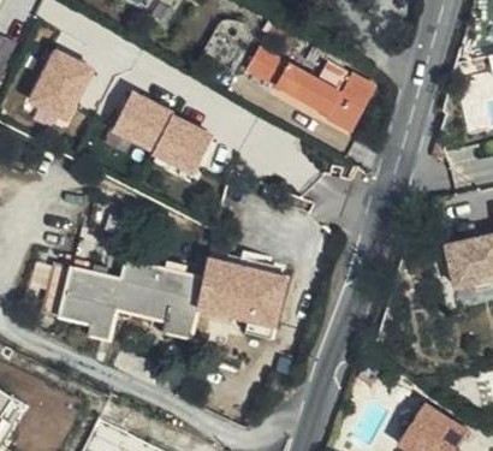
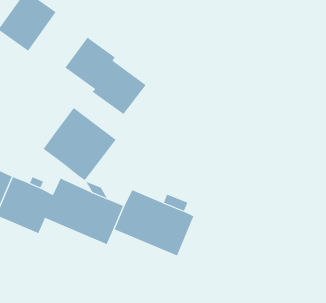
building: [243,48,374,132] -> none
building: none -> [43,107,116,181]

